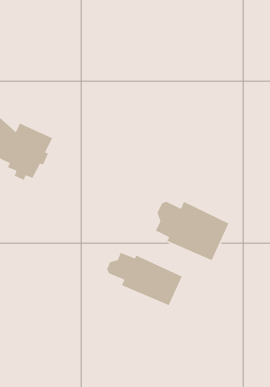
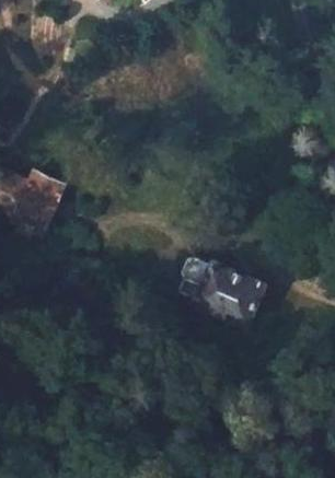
building: [106,252,183,306] -> none

